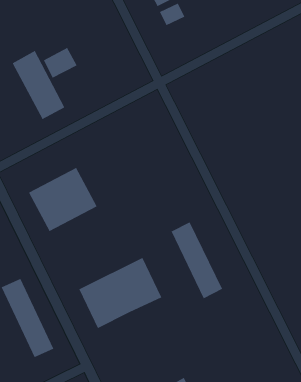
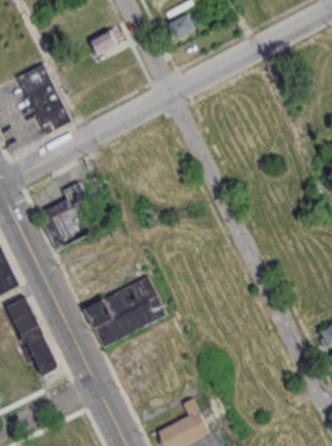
building: [43,47,77,78] -> [87,25,122,57]
building: [171,221,223,299] -> none

